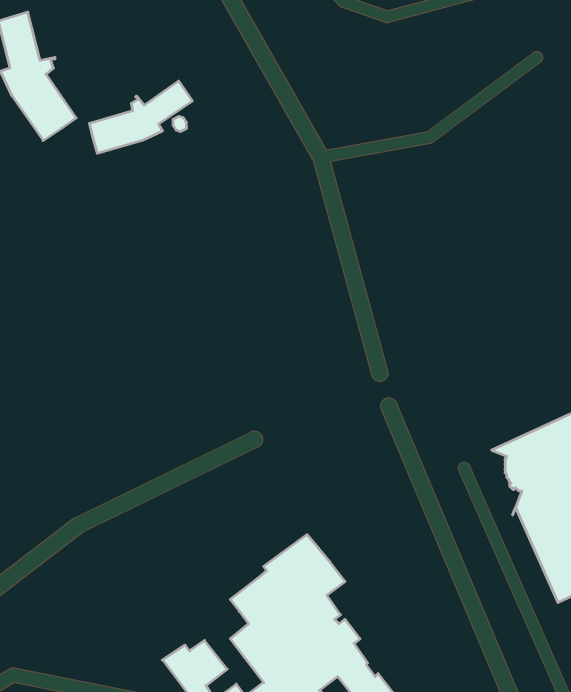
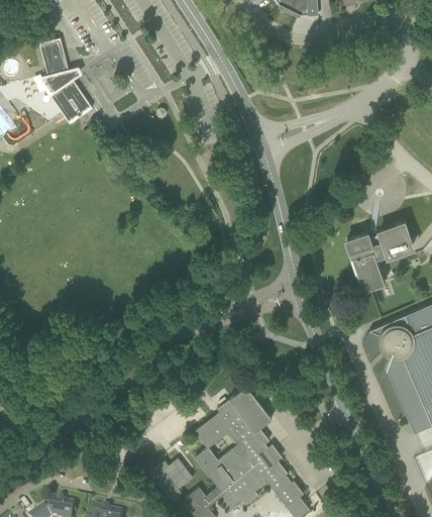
building: [89,81,192,153] -> none
building: none -> [346,222,413,291]

